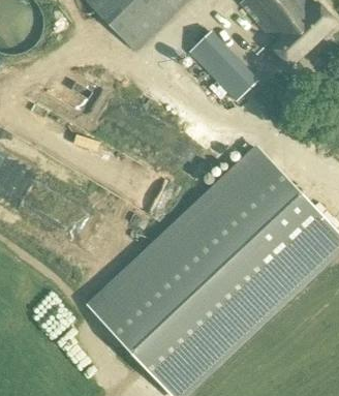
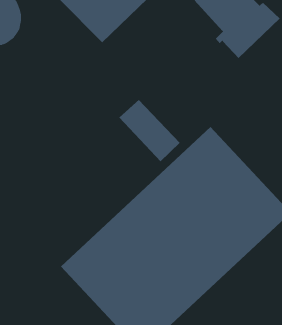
building: [187,29,257,100] -> [119,99,181,162]

